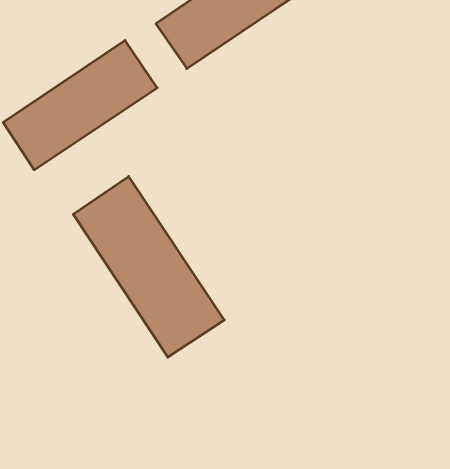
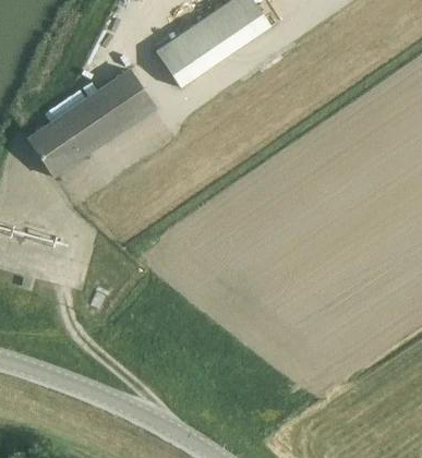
building: [73,176,224,357] -> none

